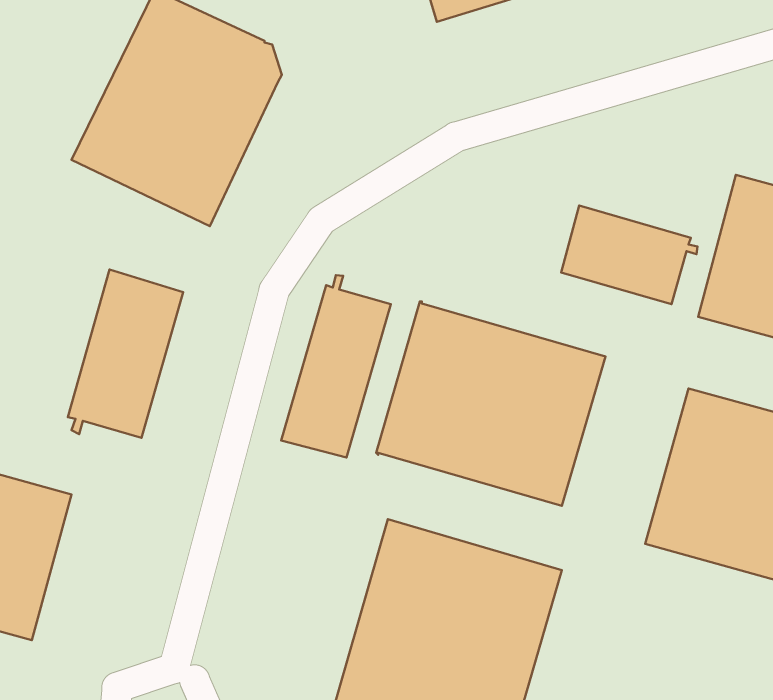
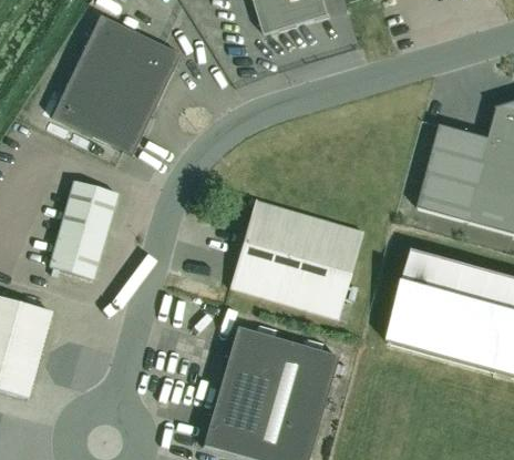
building: [561,205,697,304] -> none
building: [281,275,391,458] -> none

